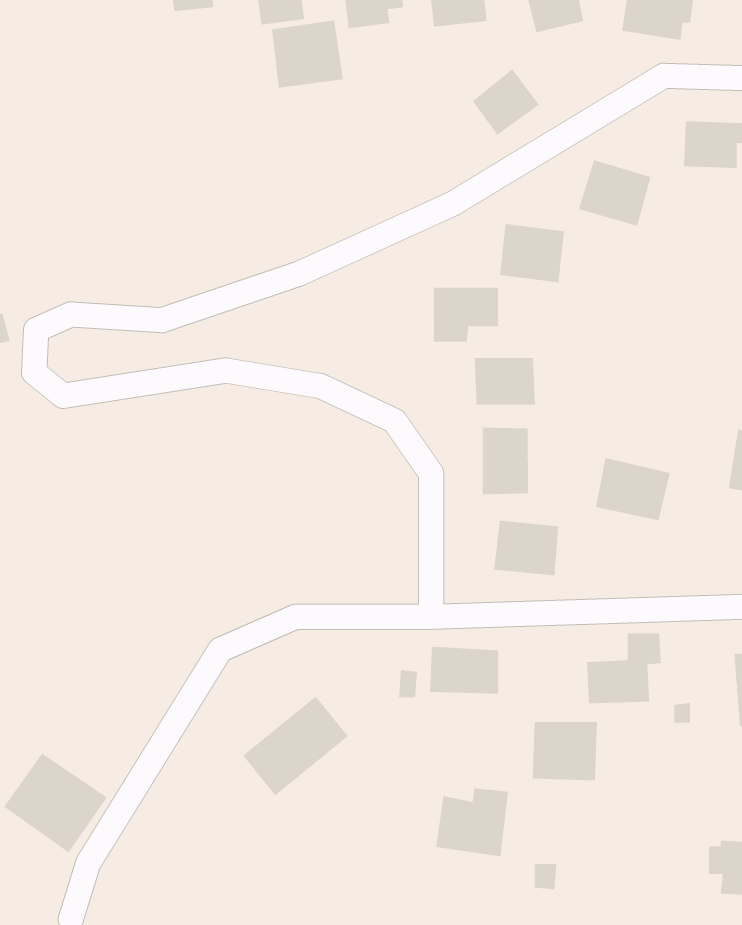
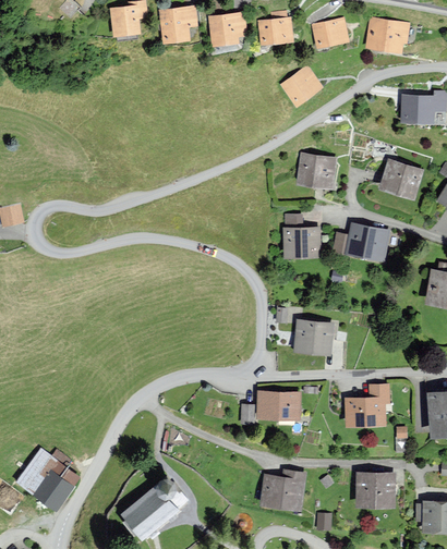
building: [271,20,344,88] -> none
building: [578,159,651,227] -> [379,160,421,198]
building: [433,287,499,343] -> none
building: [482,427,529,495] -> none
building: [595,457,671,521] -> [346,224,388,260]
building: [242,696,349,796] -> [123,480,183,537]
building: [532,721,598,781] -> [357,473,394,507]

